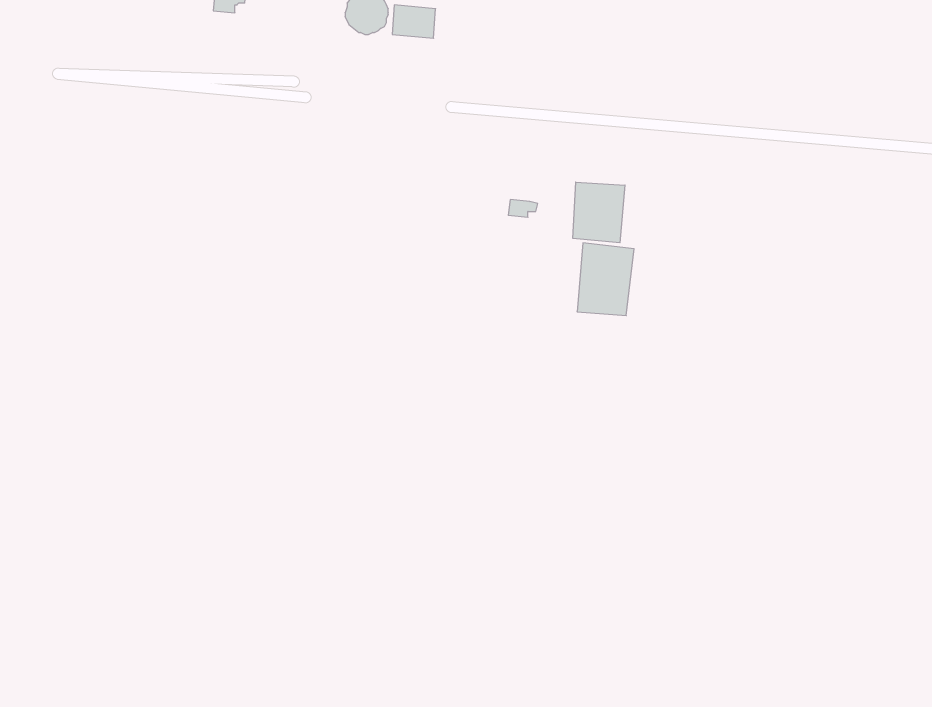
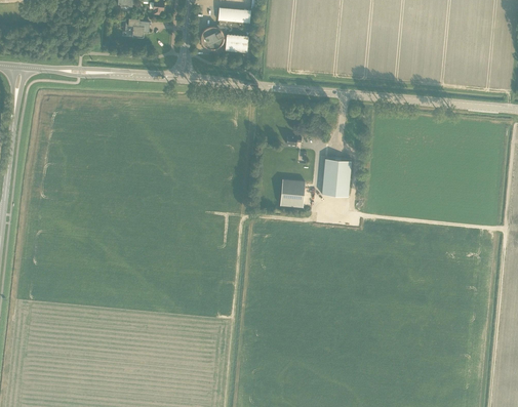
building: [573,182,625,243] -> none
building: none -> [280,178,304,207]

